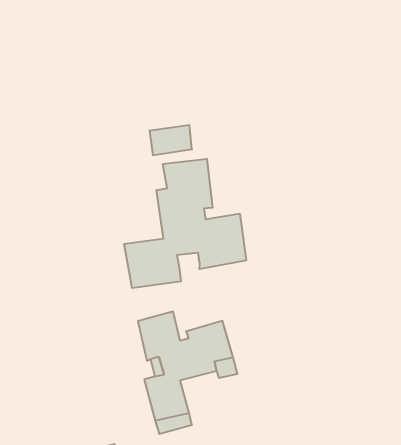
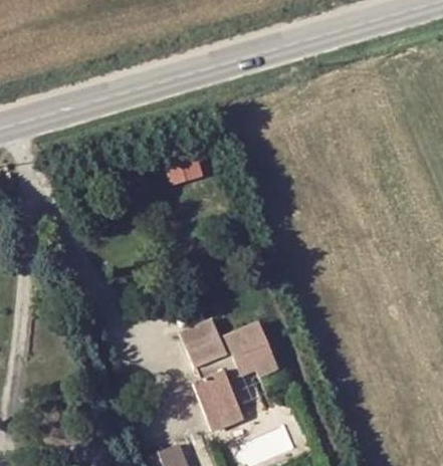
building: [124,159,246,288] -> none

